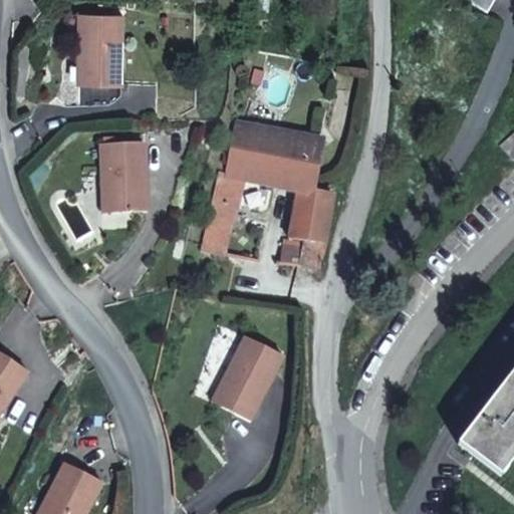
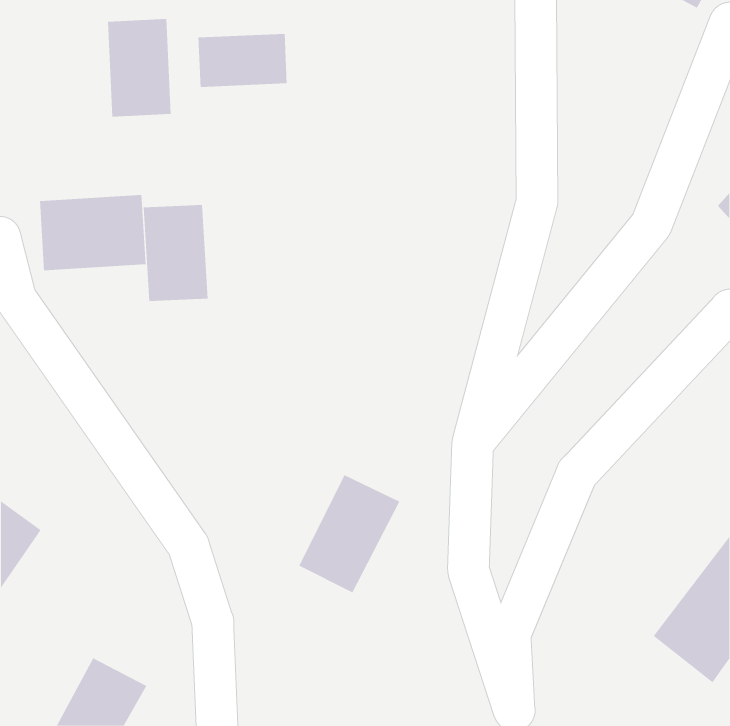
building: none -> [198,33,287,88]
building: [200,119,334,267] -> none
building: none -> [39,194,146,271]

